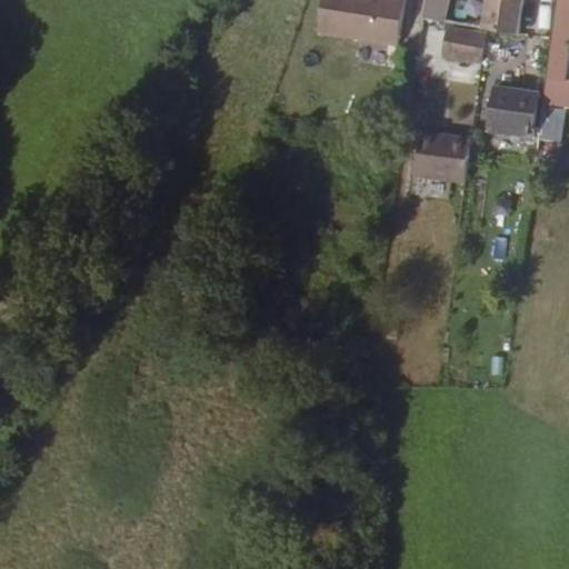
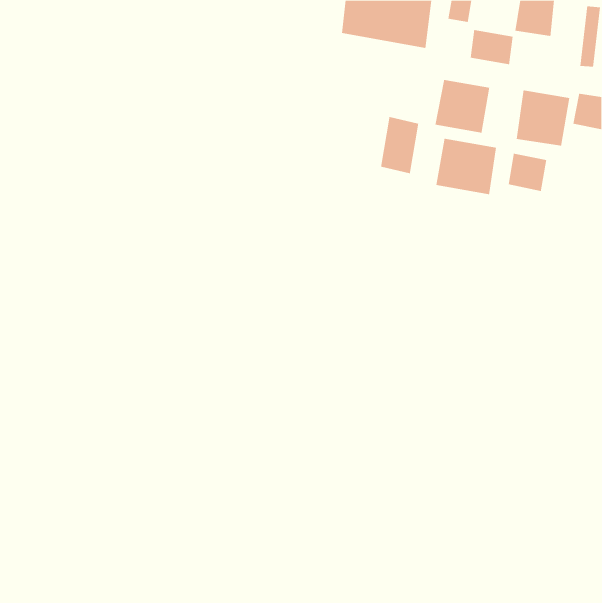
building: none -> [435,79,490,133]
building: none -> [380,116,419,174]
building: none -> [508,153,547,192]

